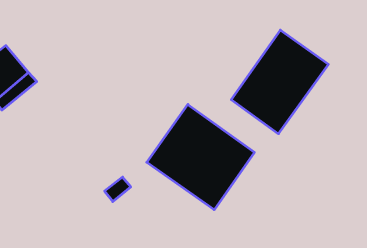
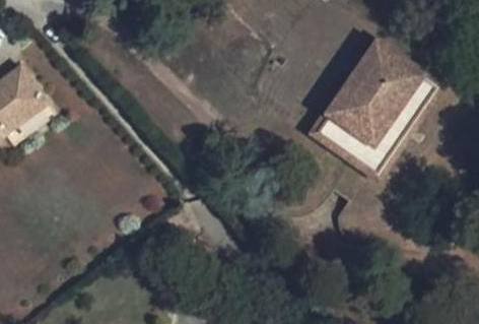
building: [147,104,254,210] -> none

